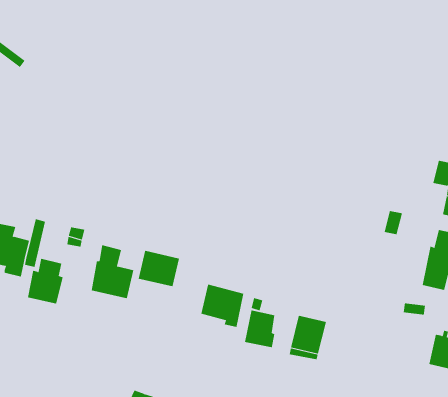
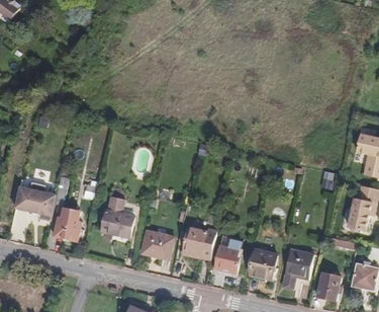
building: [138,250,180,287] -> [140,230,172,257]
building: none -> [283,248,312,290]
building: none -> [316,272,340,300]

